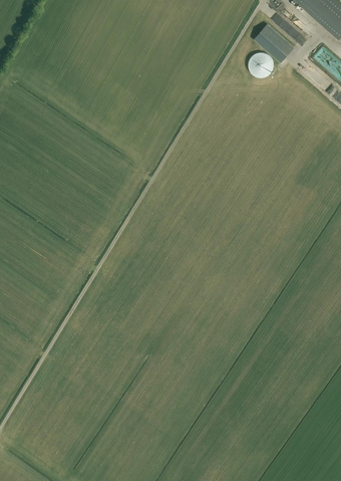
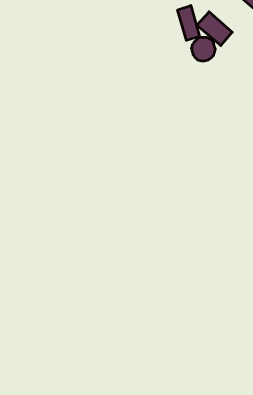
building: none -> [178,5,199,40]

